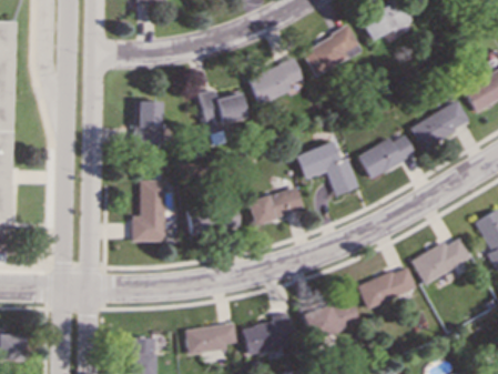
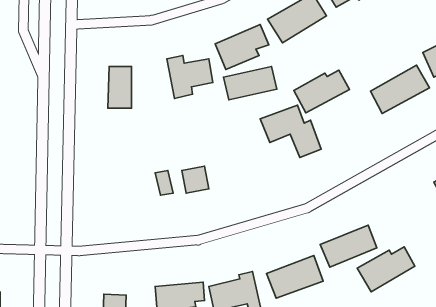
building: [357,134,415,179] -> [294,70,350,113]
building: [133,180,166,241] -> none
building: [247,189,303,223] -> [223,67,277,100]
building: [410,237,470,284] -> [357,247,415,292]

